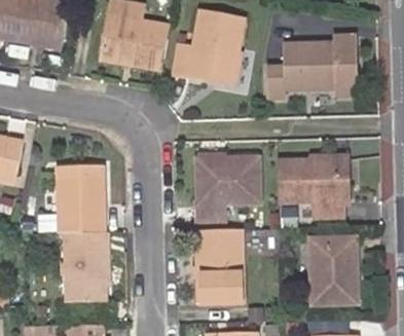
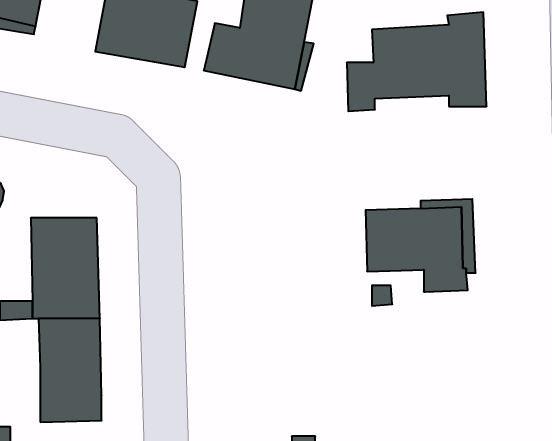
building: [192,158,259,222] -> none
building: [197,228,244,303] -> none
building: [310,236,358,304] -> none

